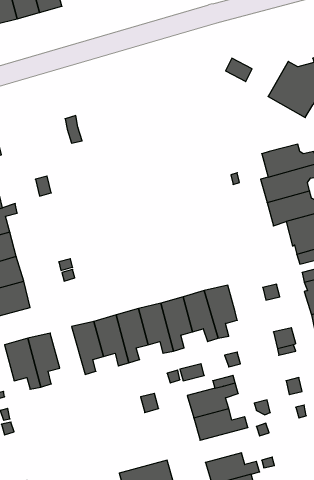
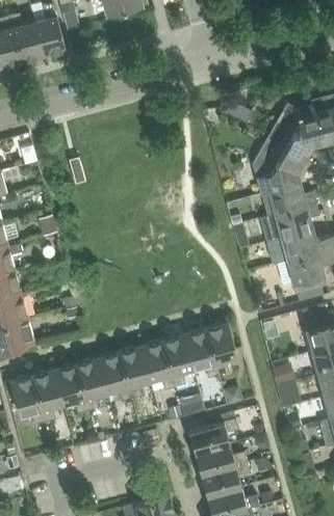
building: none -> [253,138,304,194]
building: none -> [54,363,88,413]
building: none -> [201,462,250,496]

